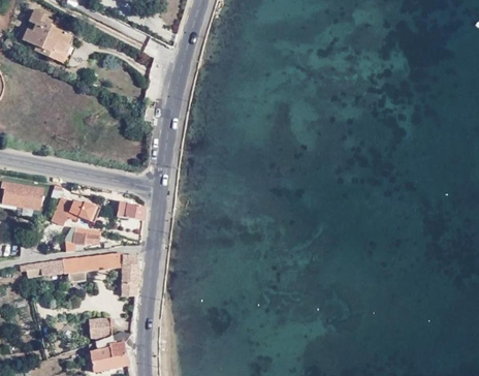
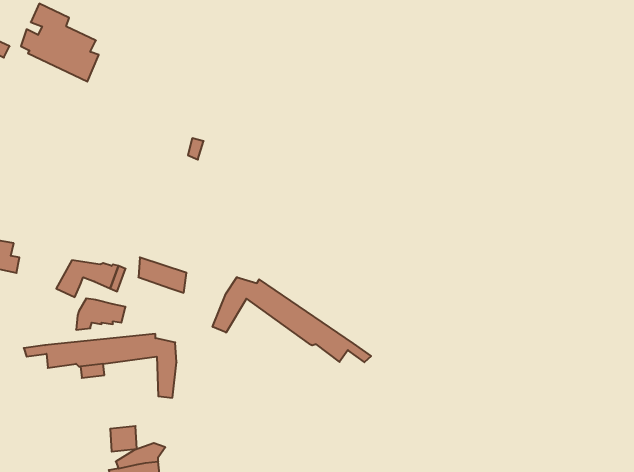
building: [17,186,42,211] -> none
building: none -> [213,277,371,362]

